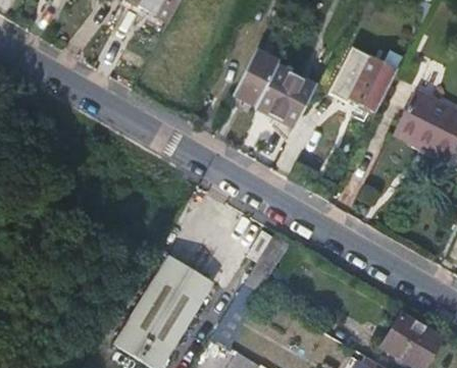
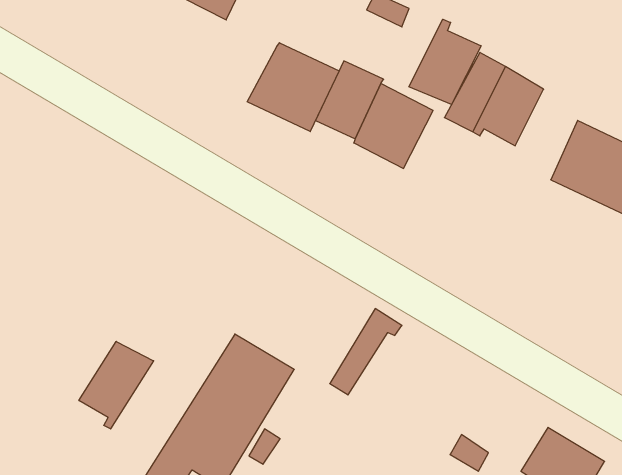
building: none -> [409,19,481,104]
building: none -> [247,43,339,132]
building: none -> [79,341,154,429]

